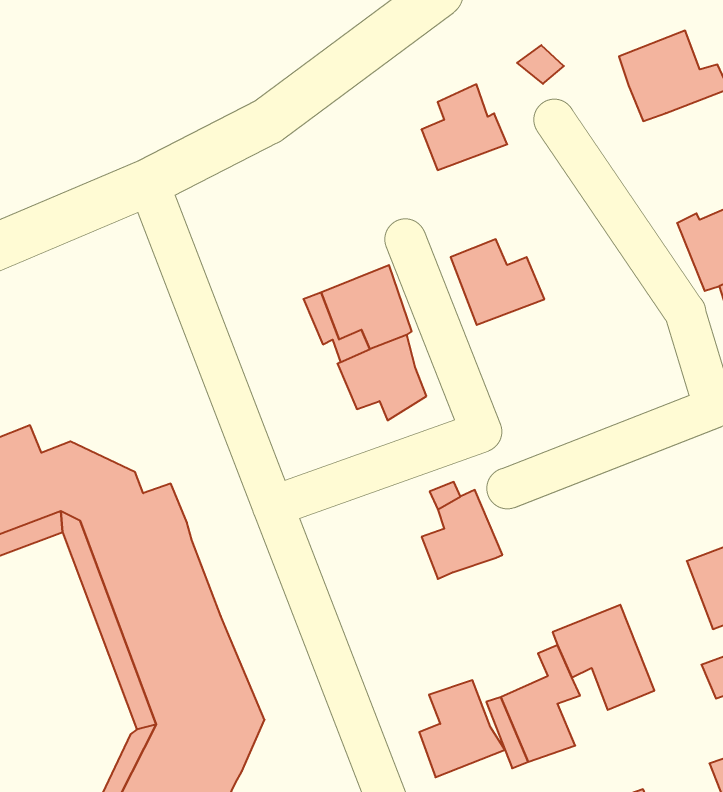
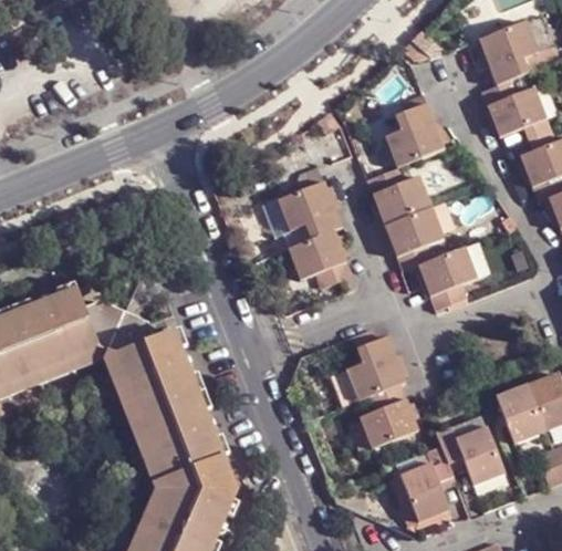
building: [421,84,507,170] -> [386,105,445,164]
building: none -> [483,77,548,132]
building: none -> [384,205,445,266]
building: none -> [419,248,479,311]
building: none -> [497,384,545,444]
building: [419,680,505,777] -> [361,382,419,448]

